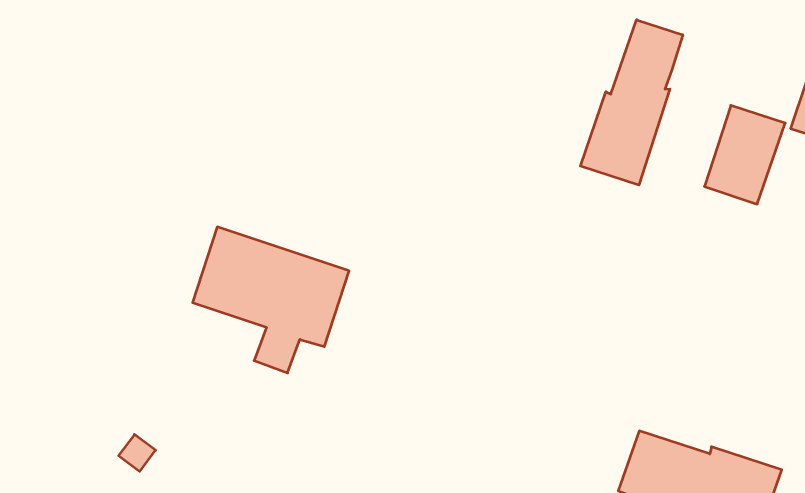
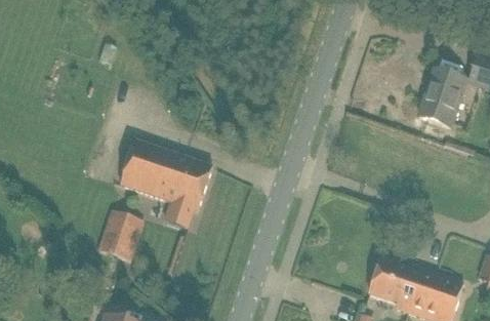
building: [580,20,683,185] -> none
building: none -> [99,211,142,259]

